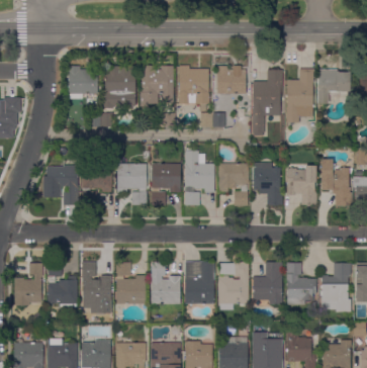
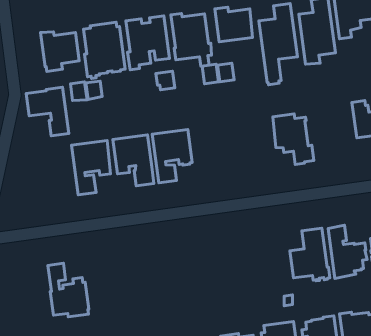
building: [185,149,214,205] -> none
building: [218,164,249,206] -> none
building: [286,165,316,206] -> none
building: [47,166,78,205] -> [26,87,69,136]
building: [185,261,214,304] -> none
building: [82,262,110,314] -> none
building: [116,262,146,303] -> none
building: [152,262,181,304] -> none
building: [218,262,249,310] -> none
building: [14,263,42,305] -> none

